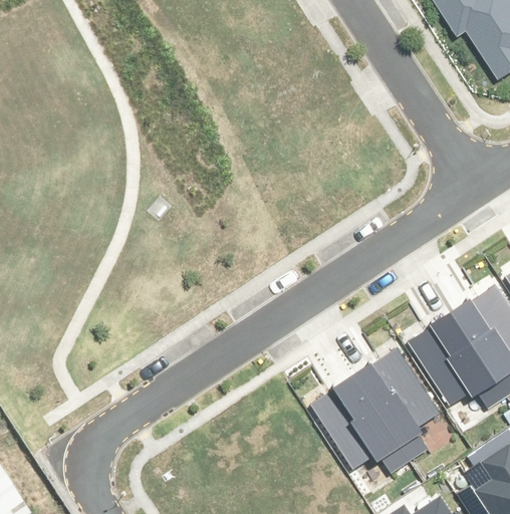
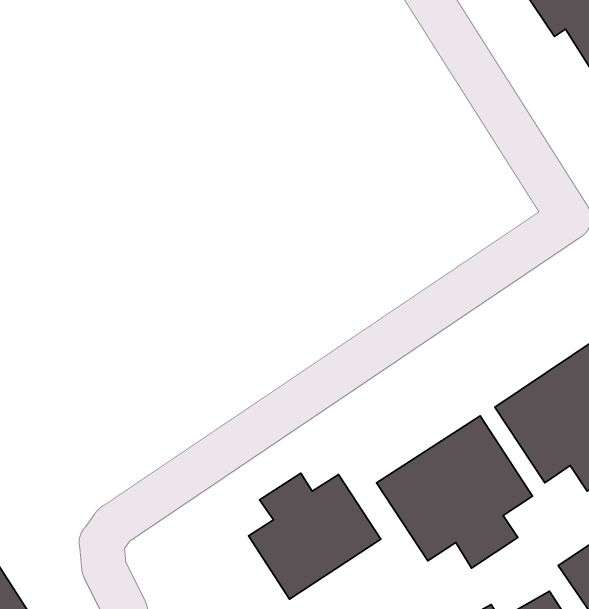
building: none -> [249,473,381,599]

